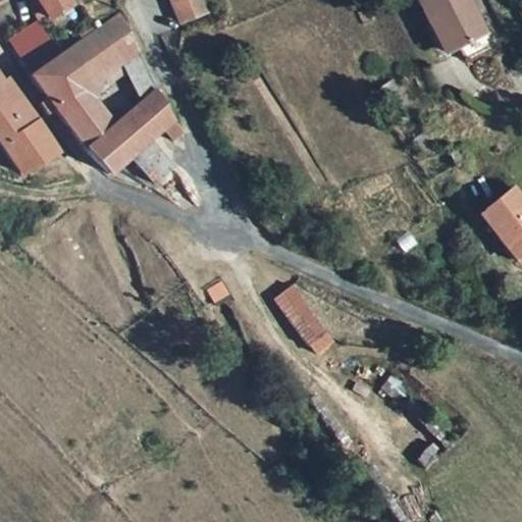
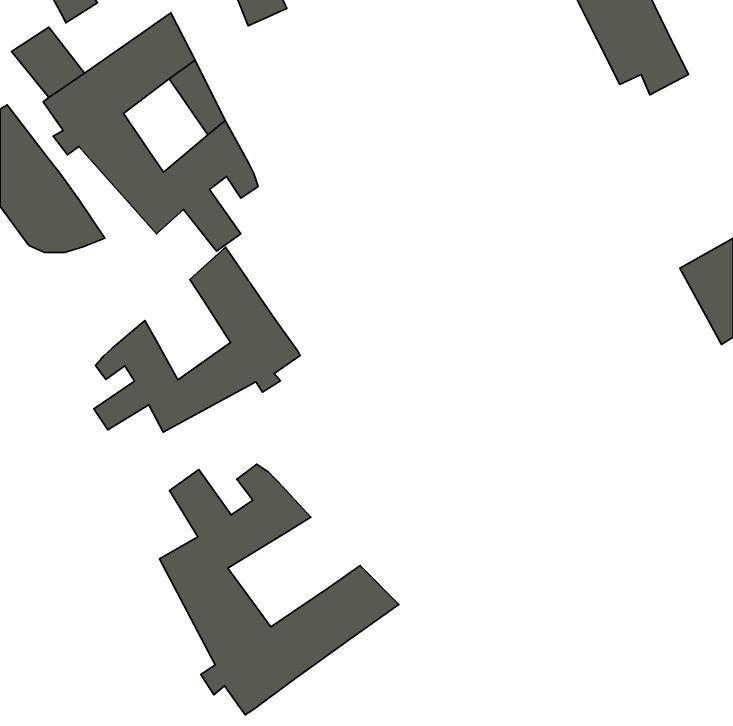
building: none -> [94,247,300,432]
building: [274,289,332,359] -> none
building: none -> [159,464,399,715]

